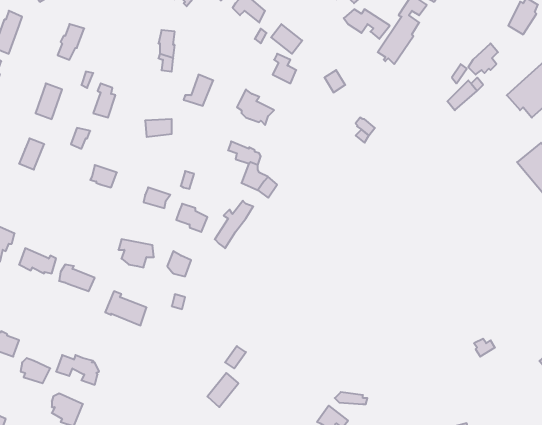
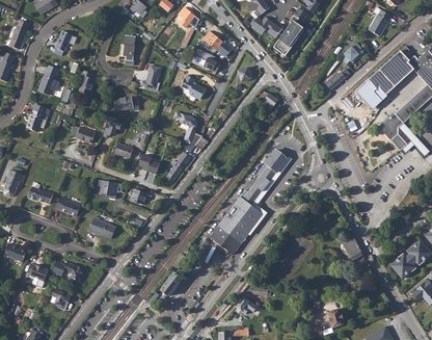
building: none -> [355,78,387,109]
building: none -> [208,153,287,255]

